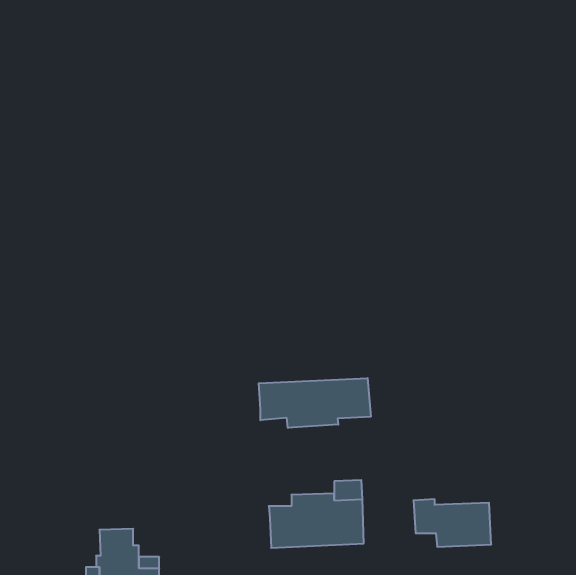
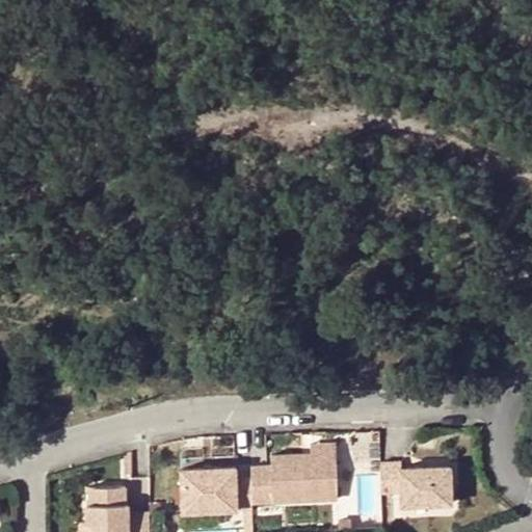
building: [259,378,371,428] -> none
building: none -> [180,469,251,513]

